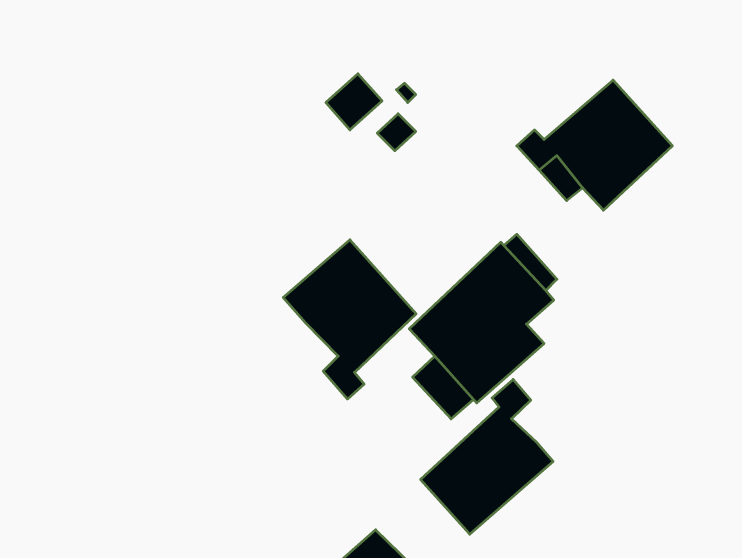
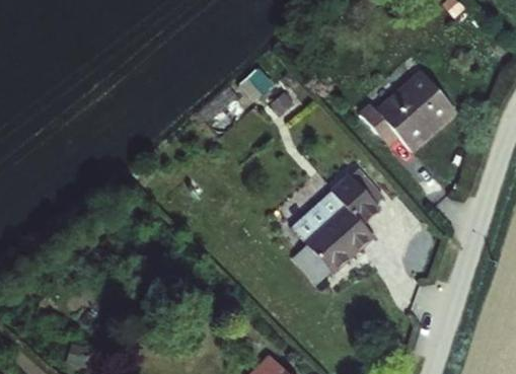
building: [283,240,416,399] -> none
building: [421,379,553,534] -> none

